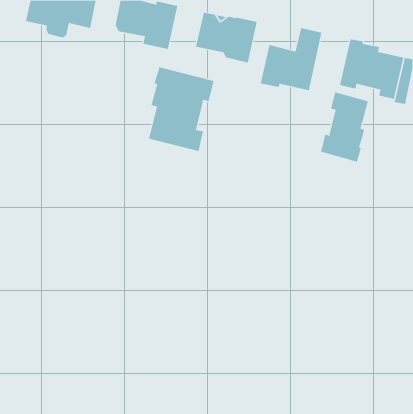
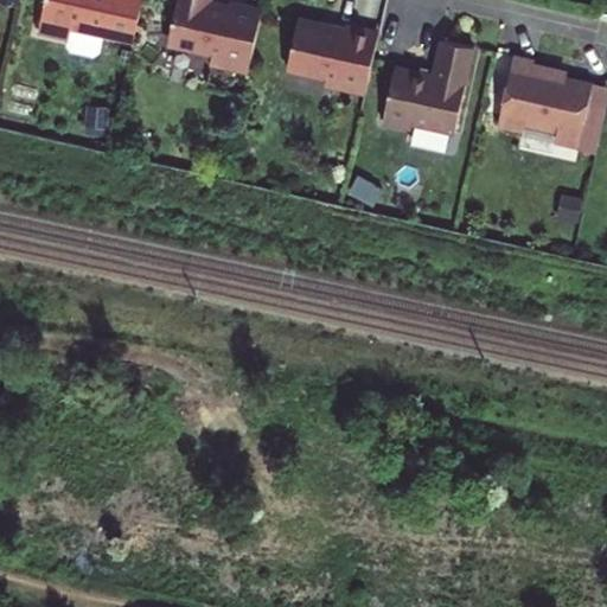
building: [148,66,214,152] -> none
building: [320,92,368,162] -> none

